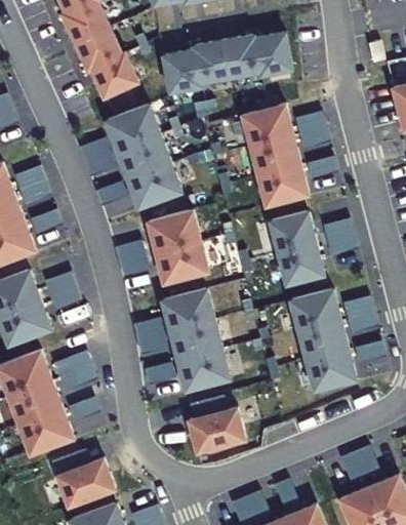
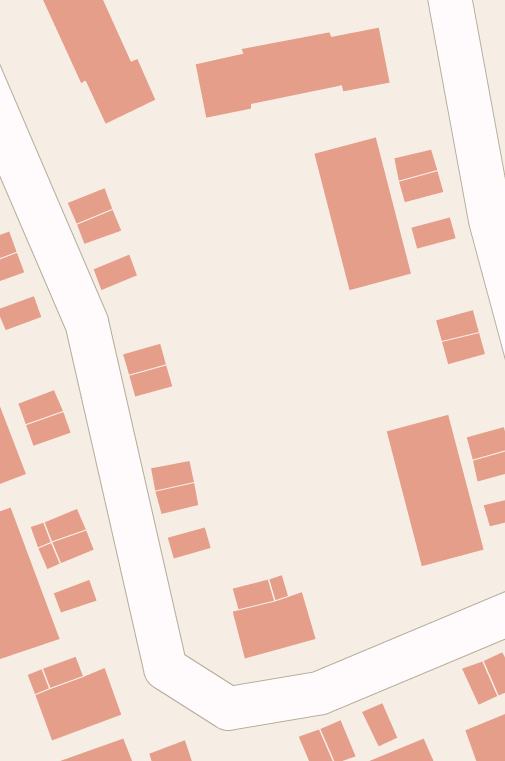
building: [105,104,180,208] -> none
building: [147,210,207,284] -> none
building: [270,212,324,285] -> none
building: [161,290,229,392] -> none

